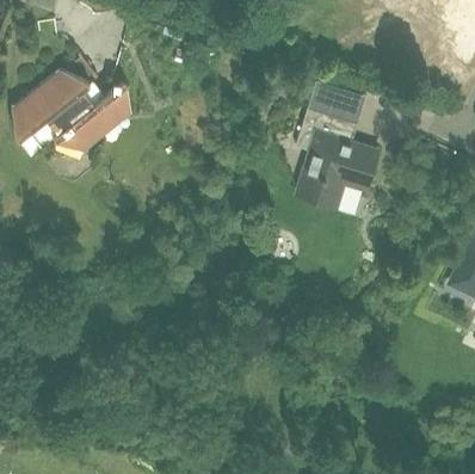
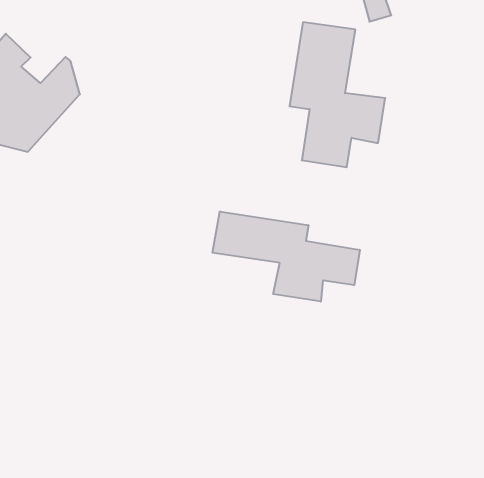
building: none -> [213,211,360,302]

